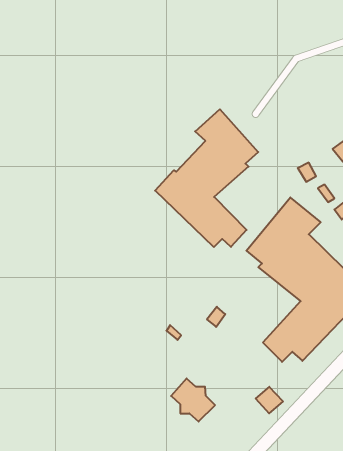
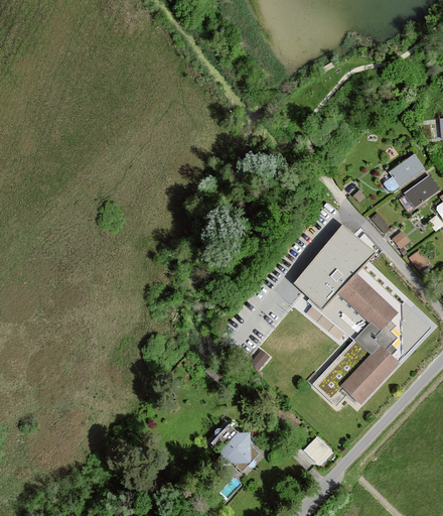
building: [155,109,258,247] -> none

